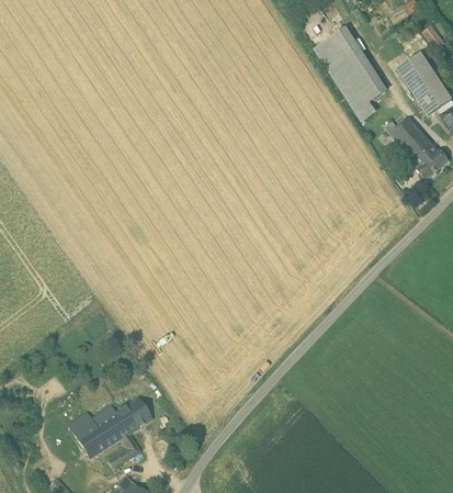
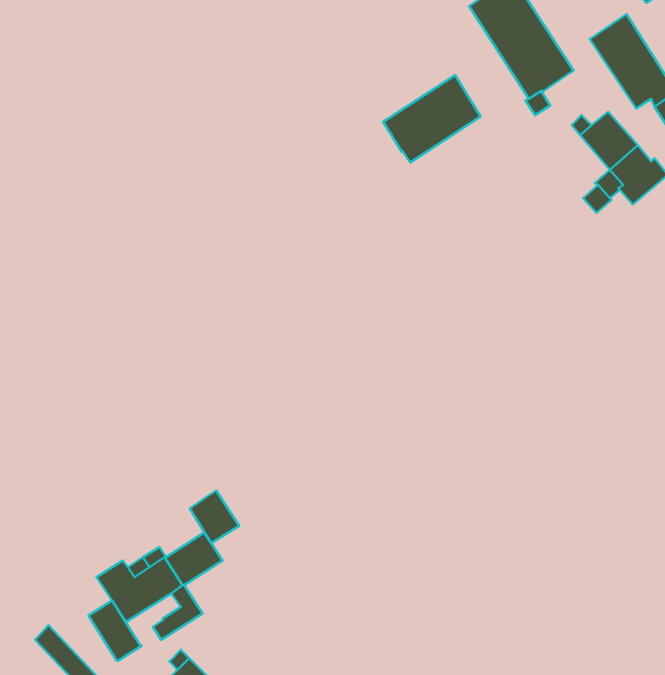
building: none -> [383,75,480,162]
building: none -> [190,490,239,543]
building: none -> [89,601,141,661]

